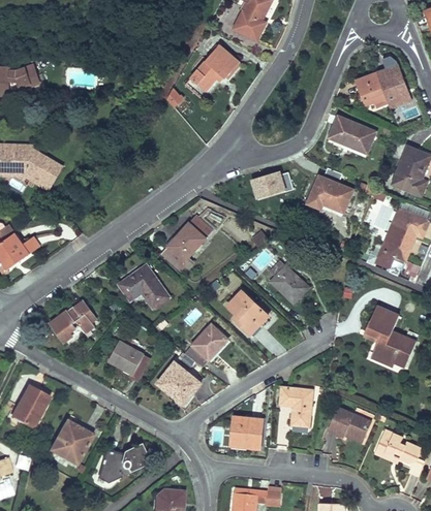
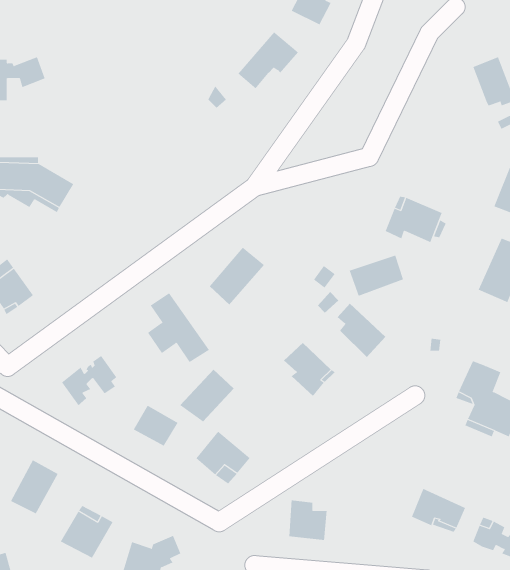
building: [356,73,387,104] -> none
building: [330,116,375,153] -> none
building: [249,170,293,203] -> [349,255,404,297]
building: [184,324,227,366] -> [180,369,234,422]
building: [280,387,312,426] -> none

